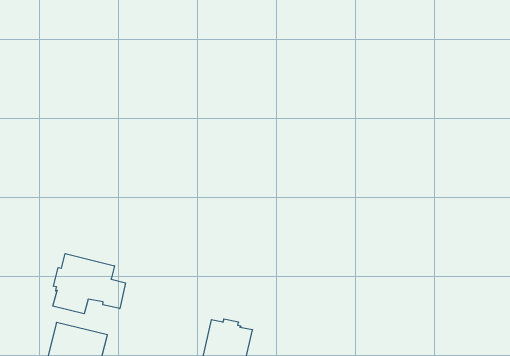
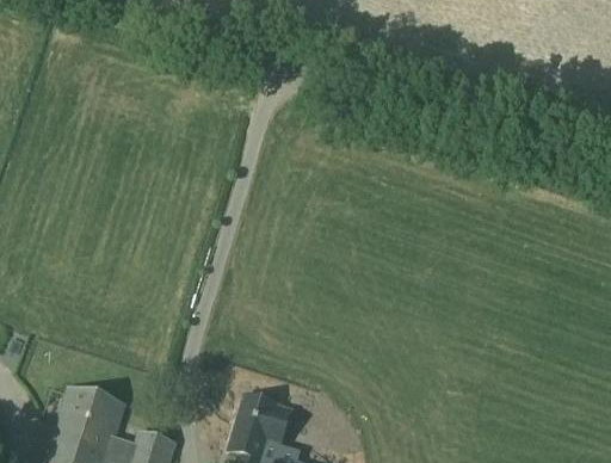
building: [53,254,126,314] -> none

